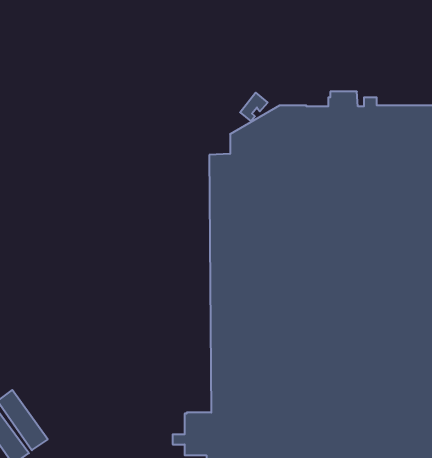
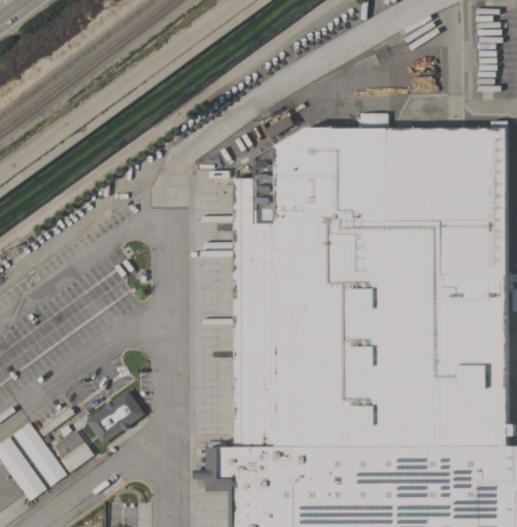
building: none -> [85,390,145,445]
building: none -> [53,430,94,472]

